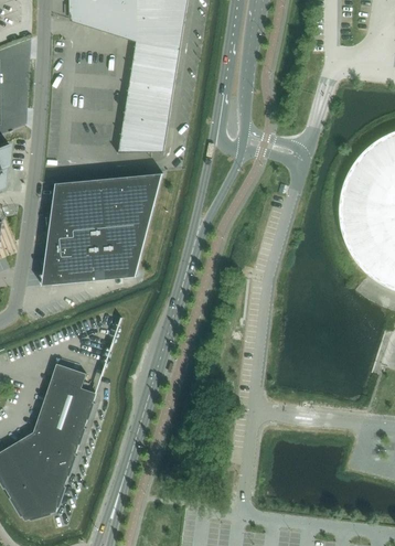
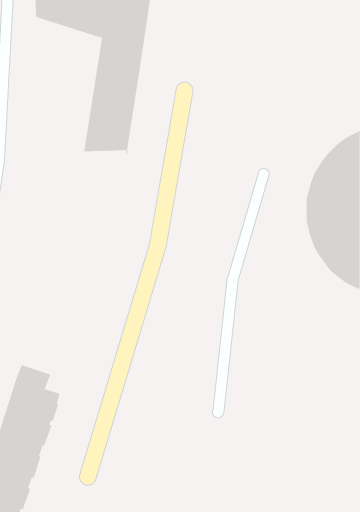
building: [43,174,163,286] -> none

